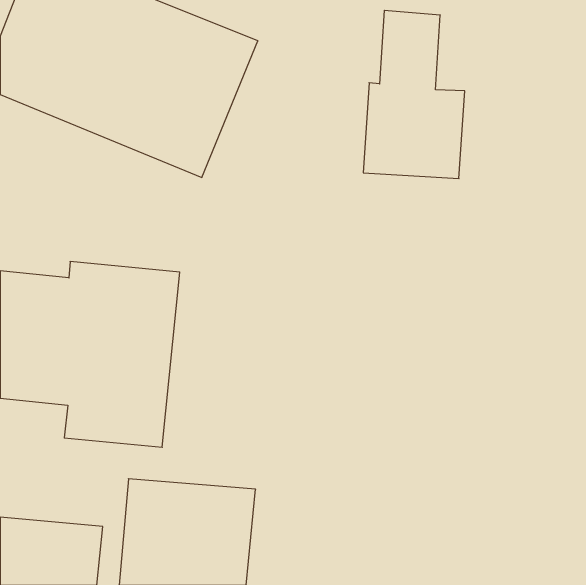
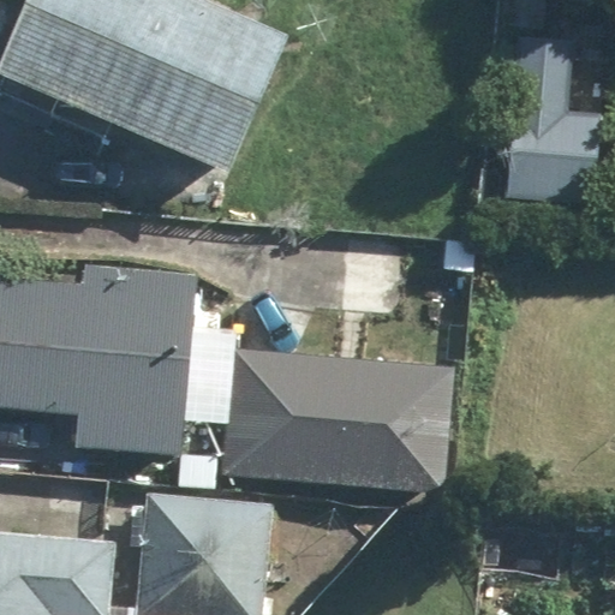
building: [363,10,465,179] -> [498,30,603,203]
building: none -> [222,344,453,491]

